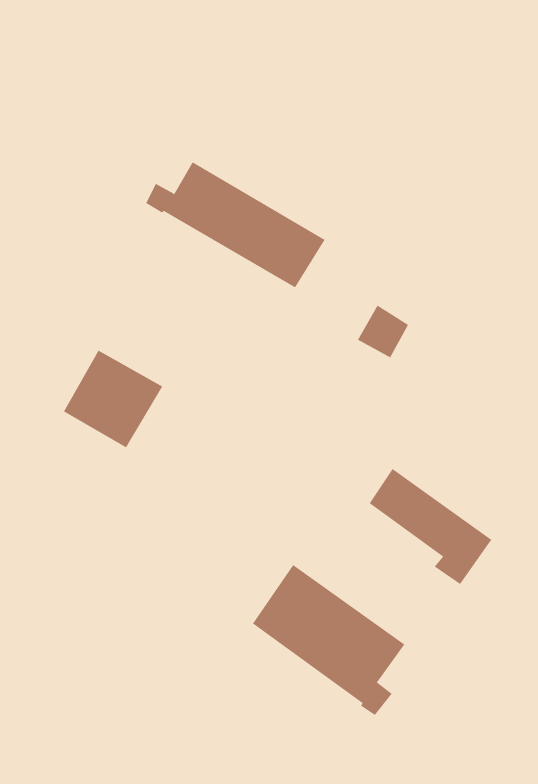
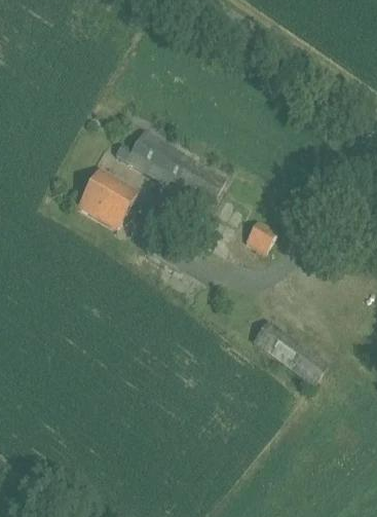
building: [63,350,163,448] -> [76,168,138,228]
building: [252,564,405,716] -> none

